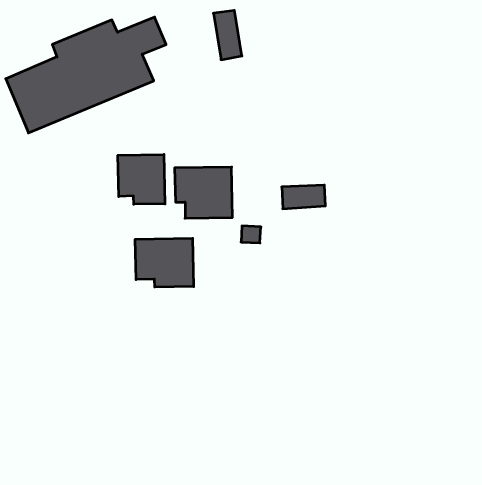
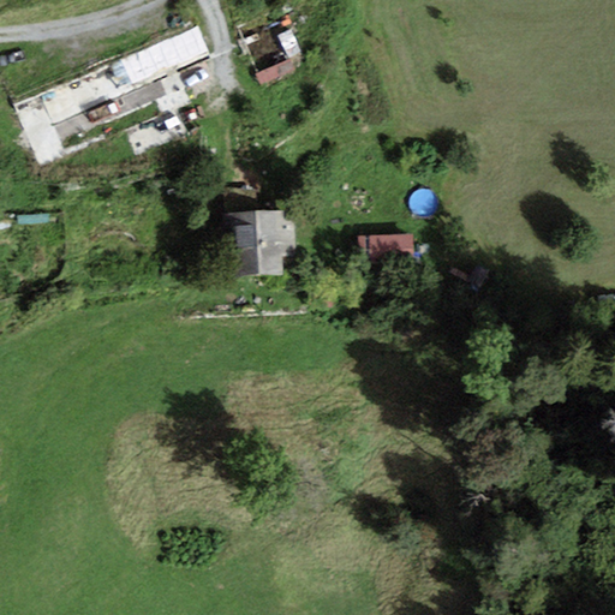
building: [118,154,165,204] -> none
building: [135,238,194,287] -> none

